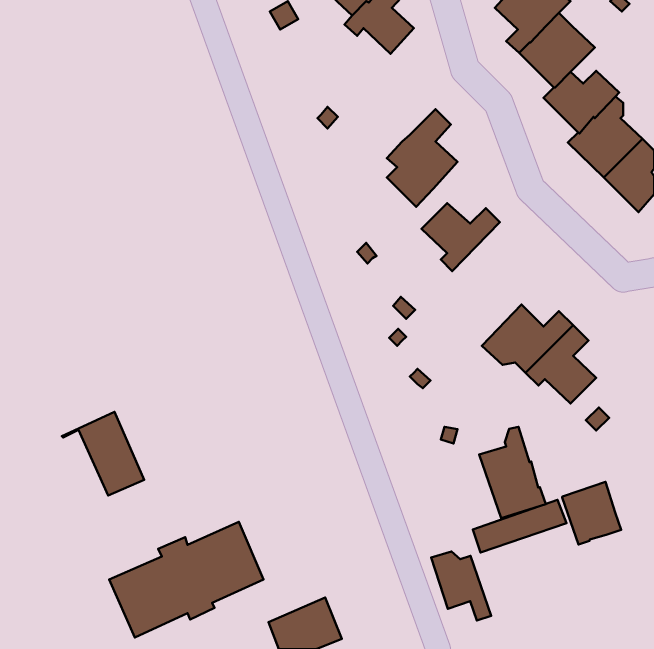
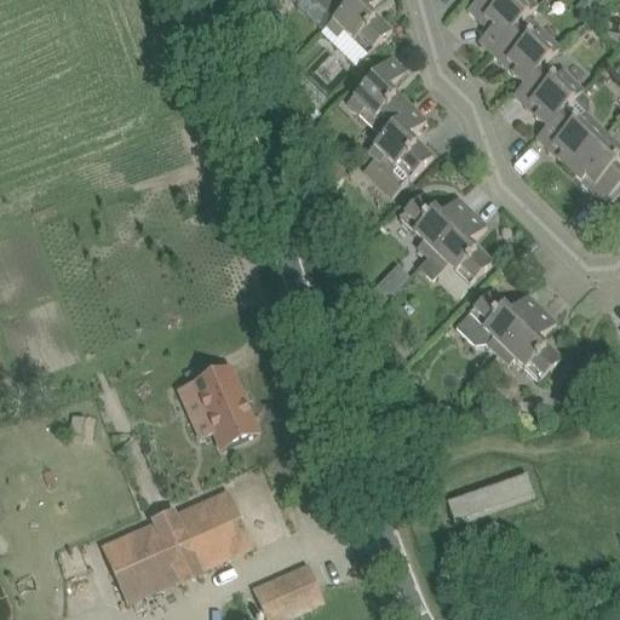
building: none -> [345,54,411,133]
building: none -> [417,209,492,282]
building: [62,412,144,495] -> [178,367,256,446]
building: [479,427,546,518] -> none
building: [562,482,621,545] -> none
building: [431,551,491,621] -> none

